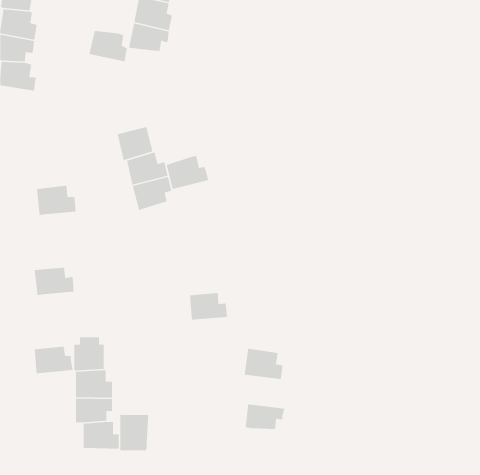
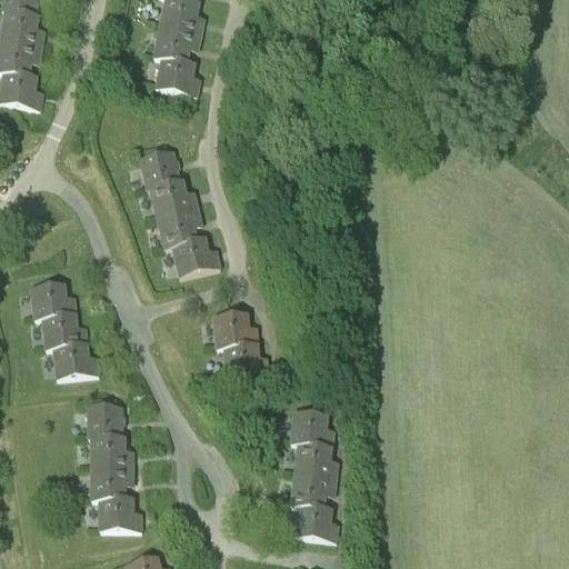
building: [88,30,128,62] -> [153,58,200,96]
building: [166,155,209,190] -> [170,236,221,277]
building: [36,185,77,216] -> [29,282,77,319]
building: none -> [212,313,258,348]
building: [34,346,73,374] -> [52,345,99,378]
building: none -> [292,443,339,481]
building: [120,414,149,451] -> none
building: none -> [293,506,338,541]

